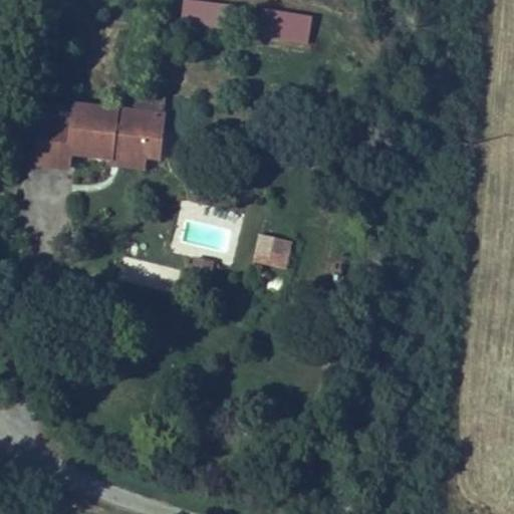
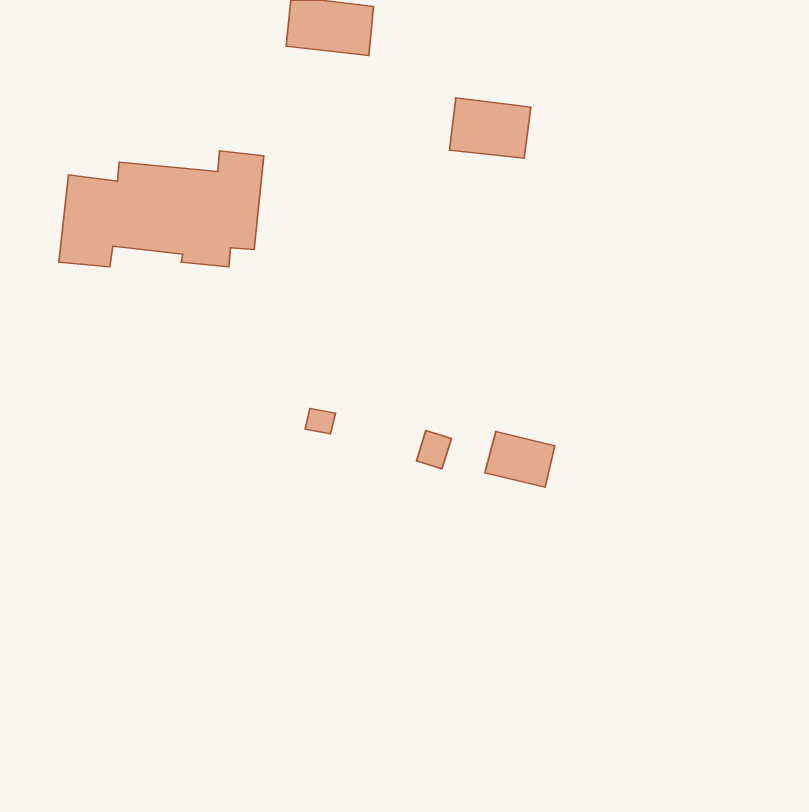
building: [260,9,311,47] -> [450,98,531,158]
building: [249,234,293,269] -> [485,431,555,487]

